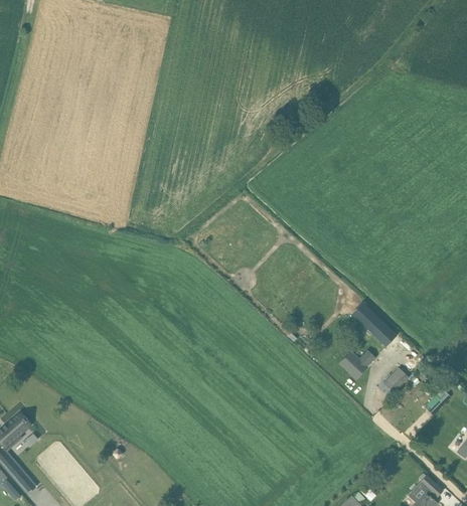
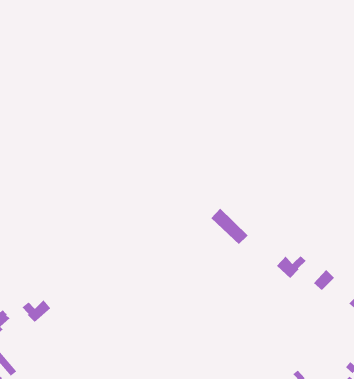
building: [351,303,396,346] -> [211,208,248,245]
building: none -> [21,300,51,323]

